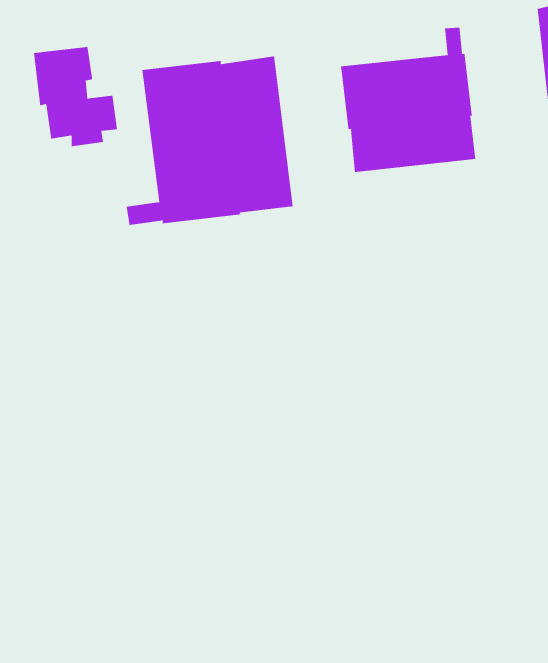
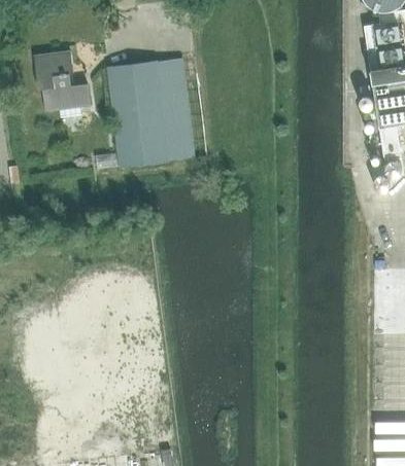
building: [341,27,476,173] -> none

